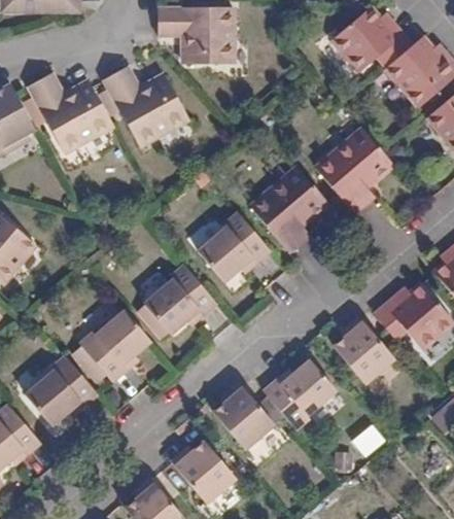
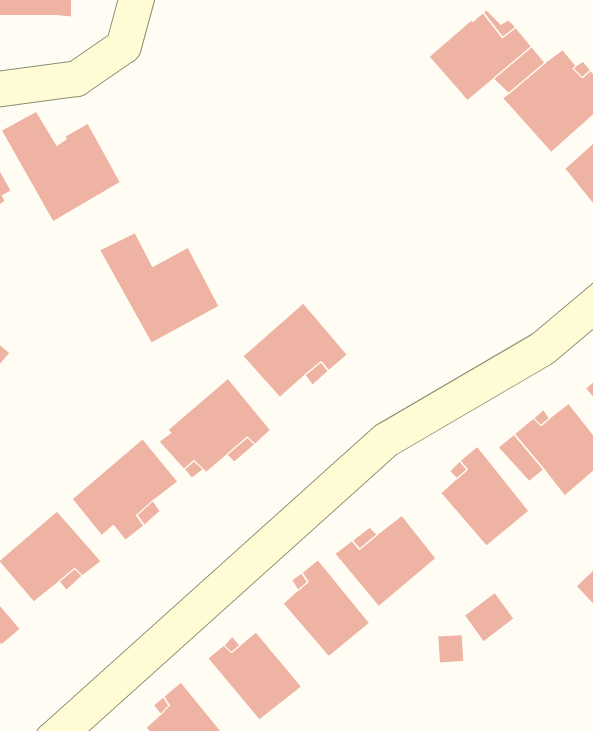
building: [170,10,243,67] -> none
building: [104,71,187,148] -> [100,232,219,343]
building: [311,127,389,214] -> none
building: [248,161,326,248] -> none

